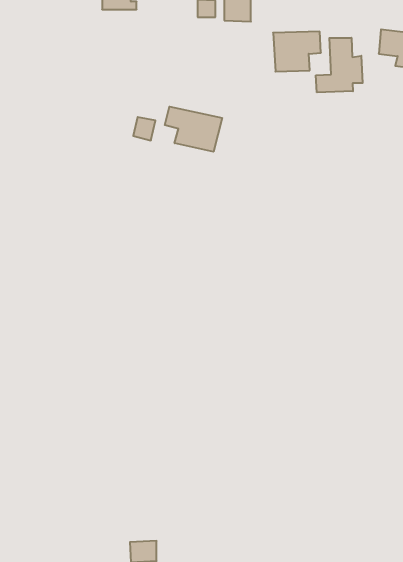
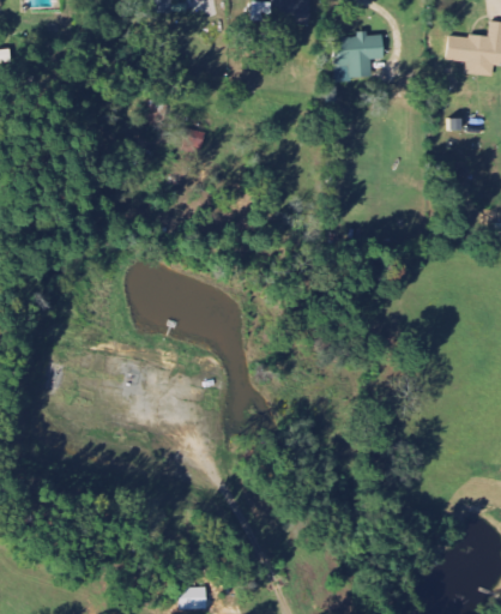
building: [316,38,363,92] -> none
building: [165,107,222,152] -> none

